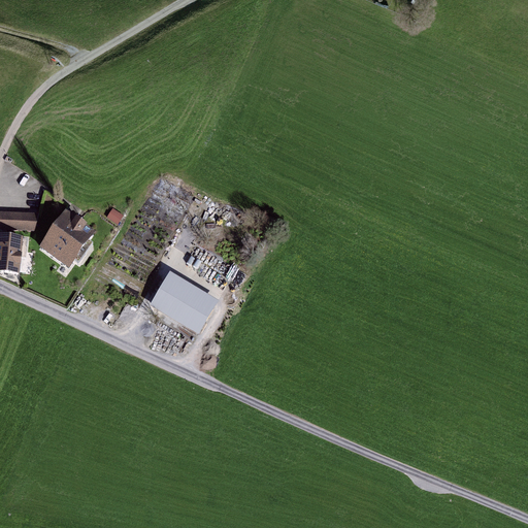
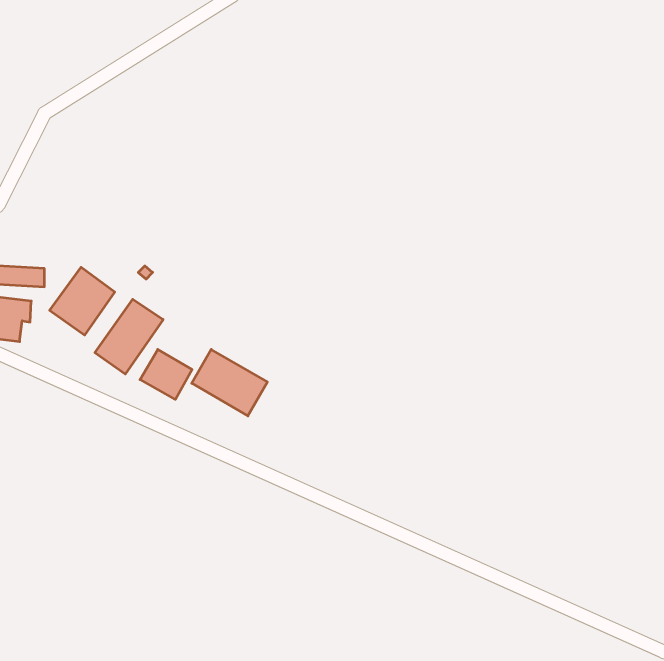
building: none -> [95,299,163,374]
building: none -> [140,349,192,399]

